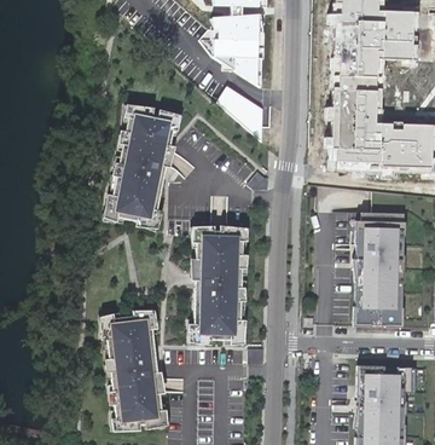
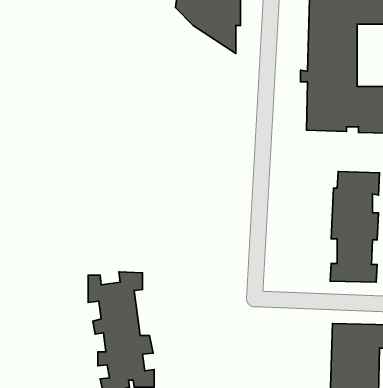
building: [214,86,260,127] -> none
building: [106,104,181,233] -> none
building: [192,227,251,351] -> none

